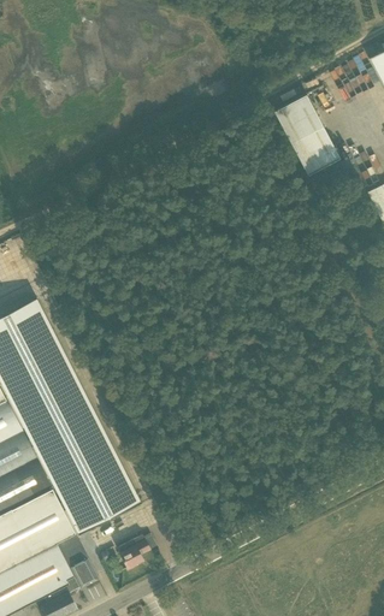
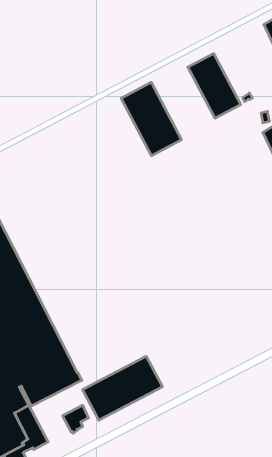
building: none -> [121,82,181,156]
building: none -> [83,356,162,420]

